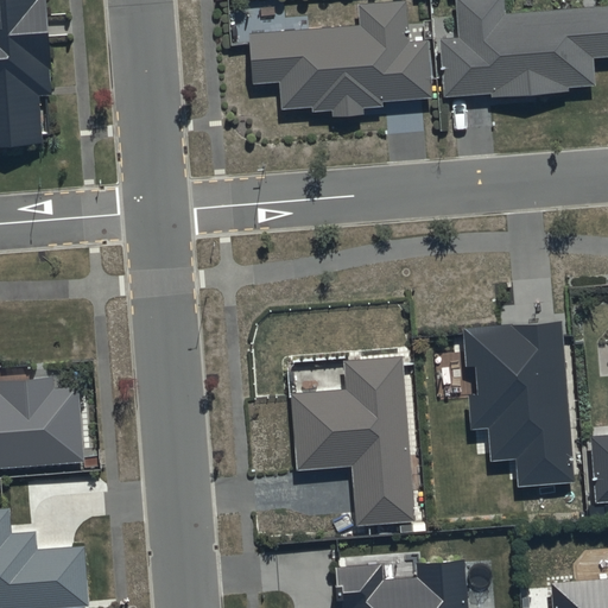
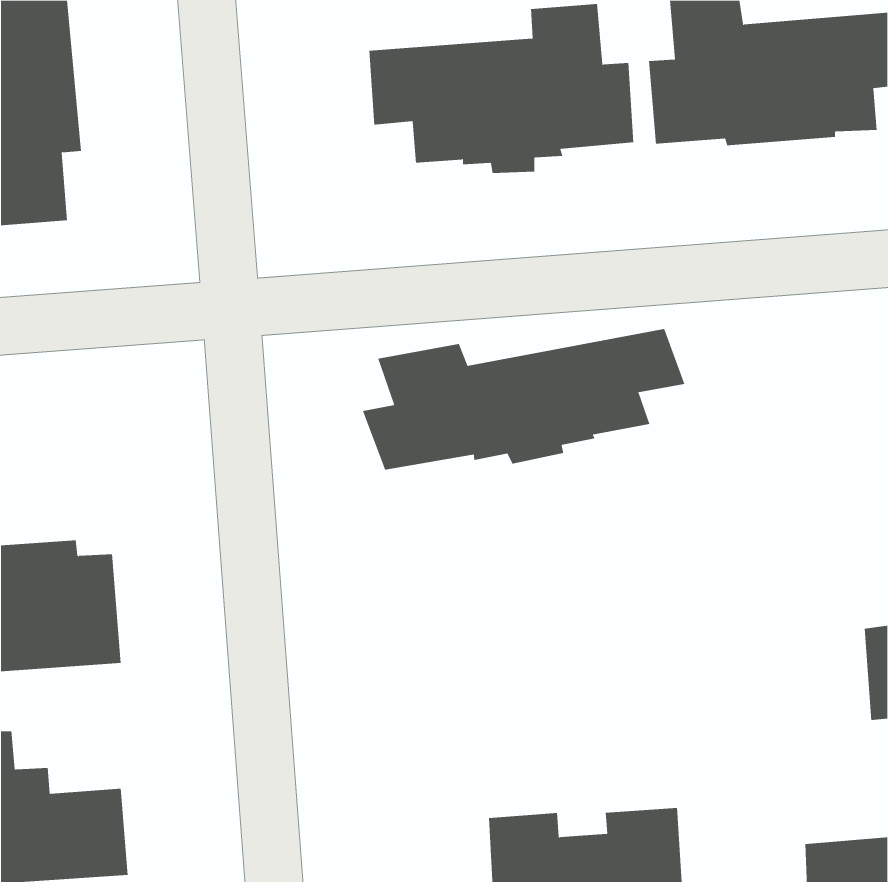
building: none -> [362,328,685,471]
building: [461,318,570,481] -> none
building: [291,352,413,521] -> none

